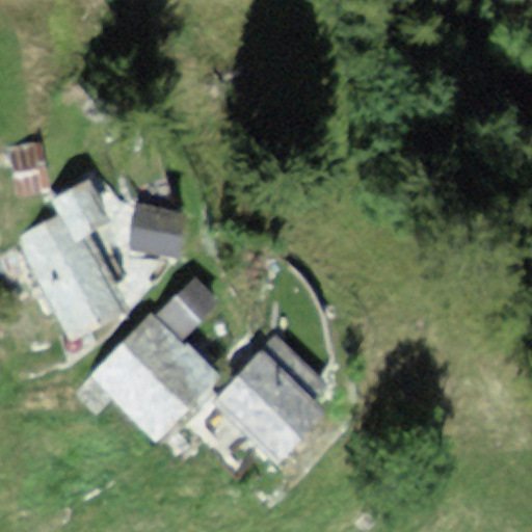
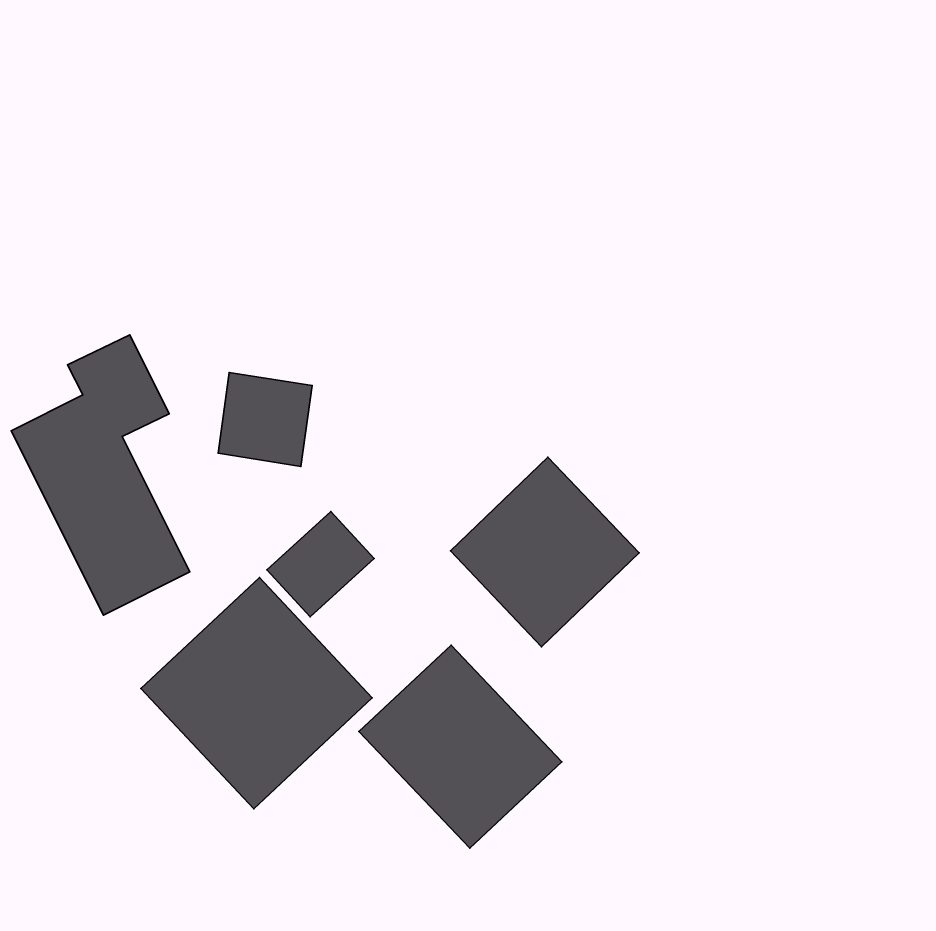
building: none -> [450,457,639,647]

